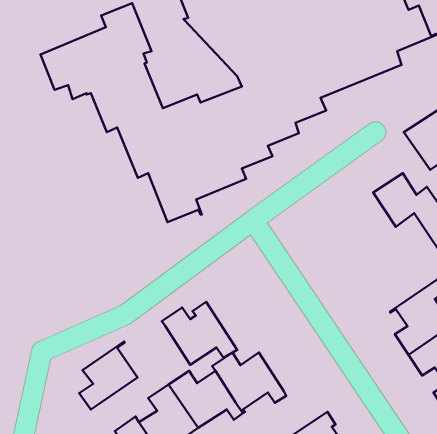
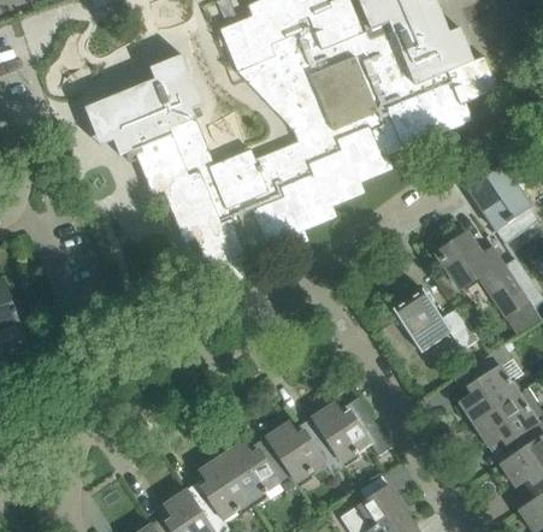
building: none -> [391,289,478,351]
building: [162,302,237,365] -> [312,396,391,462]
building: [79,341,138,409] -> none

